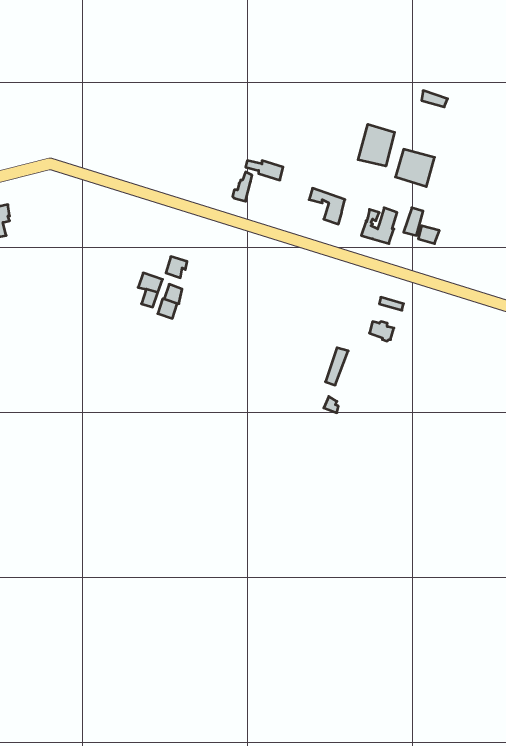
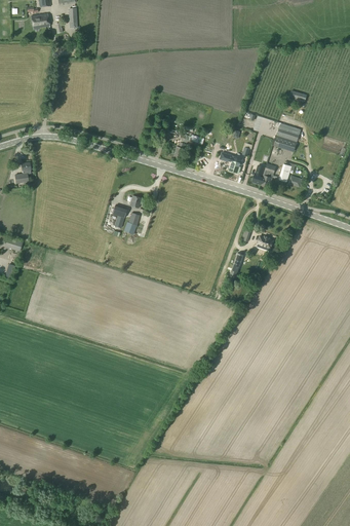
building: [358,124,395,166] -> none

